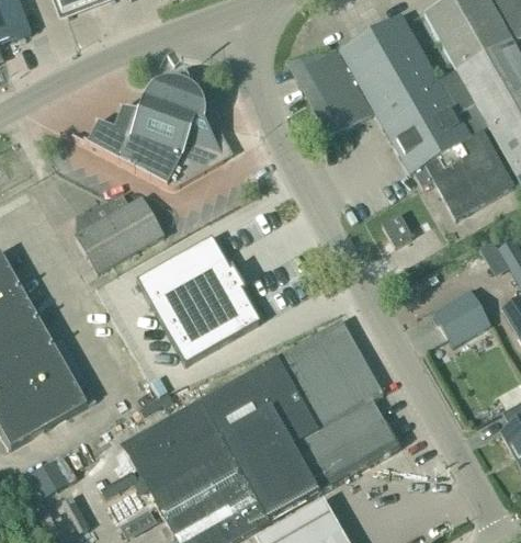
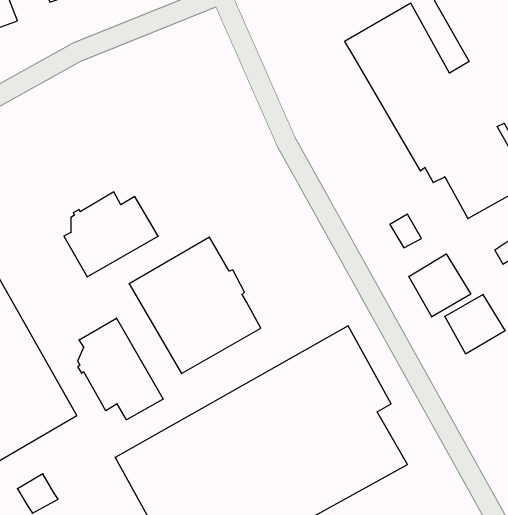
building: [299,48,372,125] -> none
building: [72,80,234,185] -> none
building: none -> [409,254,471,317]
building: none -> [78,318,163,420]

